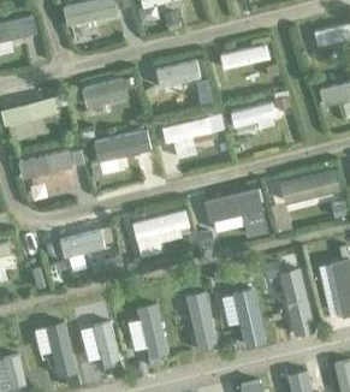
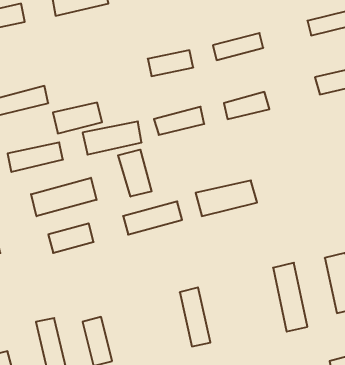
building: [81,79,129,109] -> [53,103,102,133]
building: none -> [118,150,152,197]
building: [278,171,339,206] -> none
building: none -> [31,178,97,216]
building: [233,291,265,349] -> none
building: [137,304,167,360] -> none

